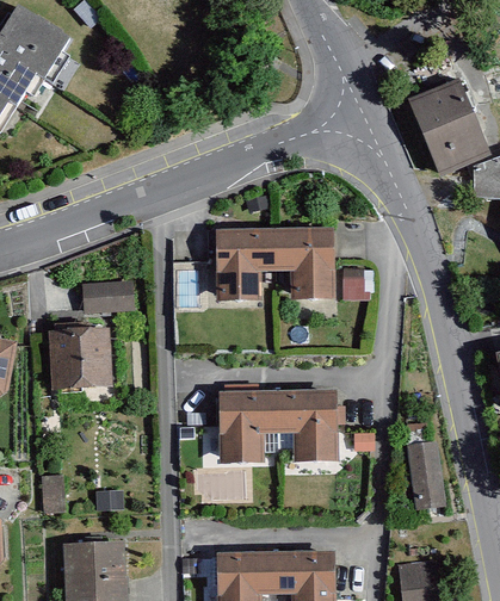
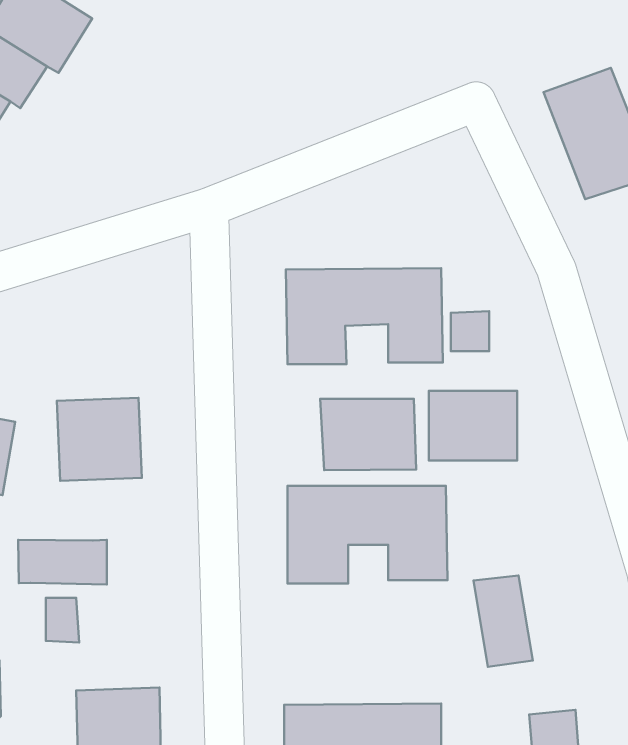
building: [79,275,132,308] -> none
building: none -> [429,391,517,460]
building: none -> [320,399,416,470]
building: none -> [18,540,107,584]
building: [403,441,447,509] -> [474,576,533,667]

